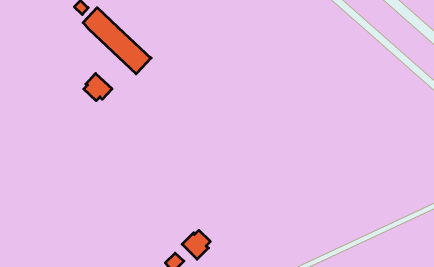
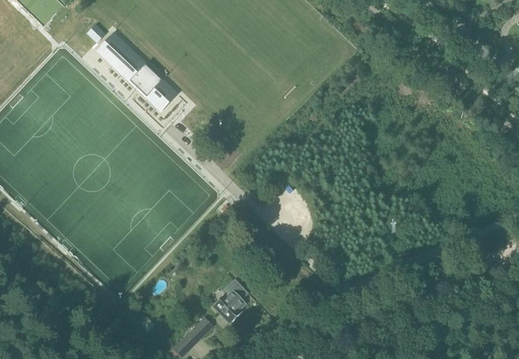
building: [84,73,112,101] -> none

